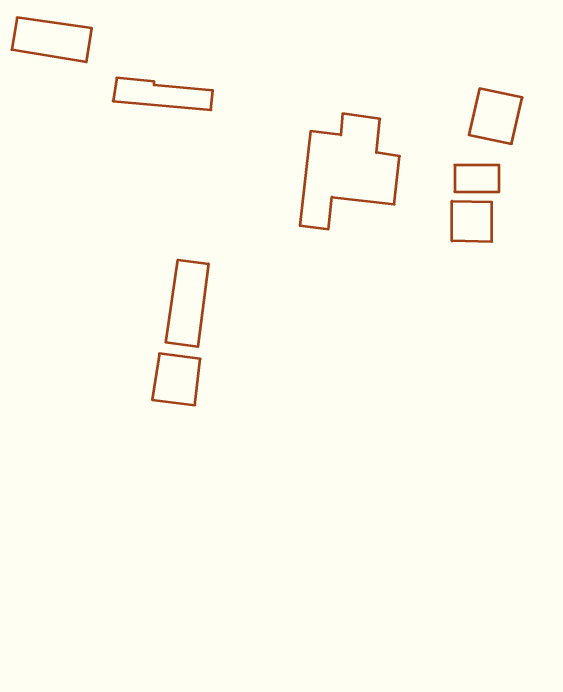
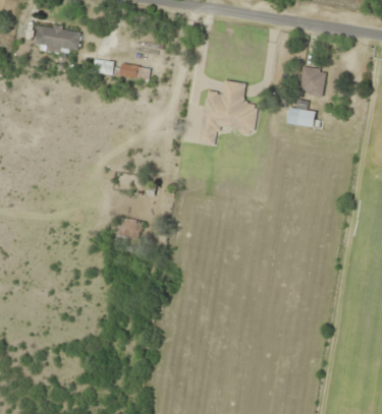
building: [452,201,492,242] -> none
building: [166,260,208,347] -> none

